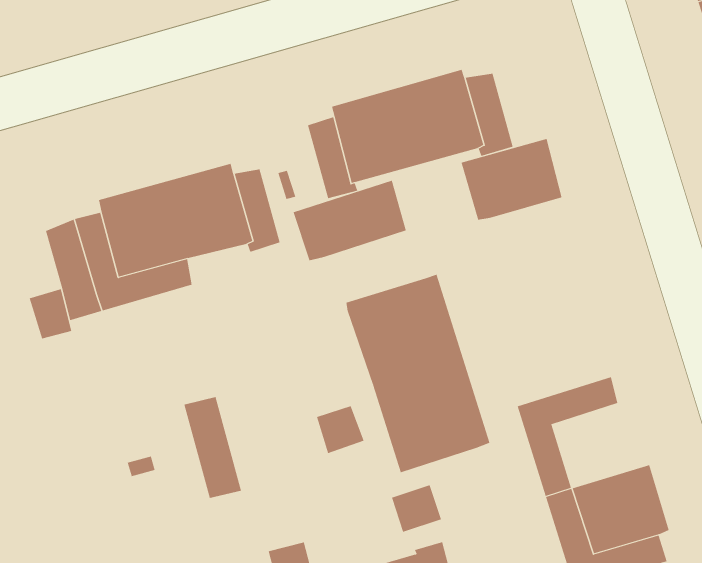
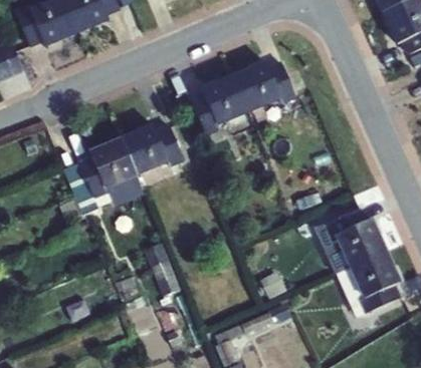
building: [461,138,562,221] -> none
building: [293,180,407,261] -> none
building: [346,274,490,473] -> none
building: none -> [335,218,387,267]

